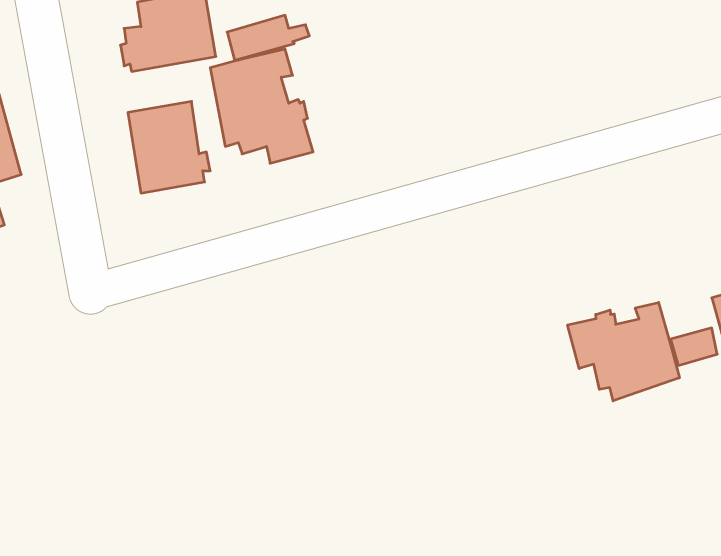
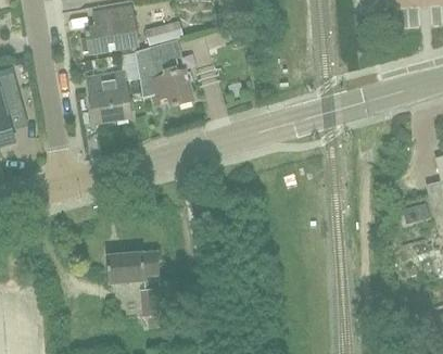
building: [568,302,679,401] -> none
building: none -> [107,251,170,326]

